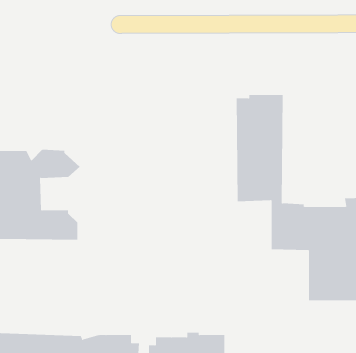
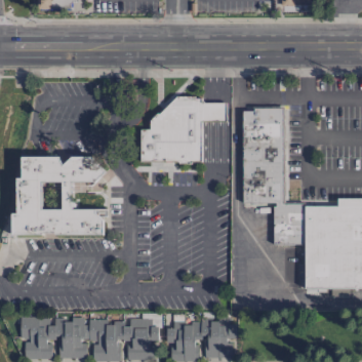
building: none -> [142,96,229,162]

